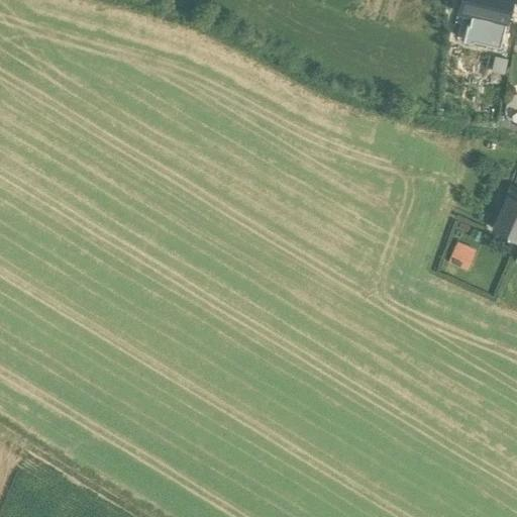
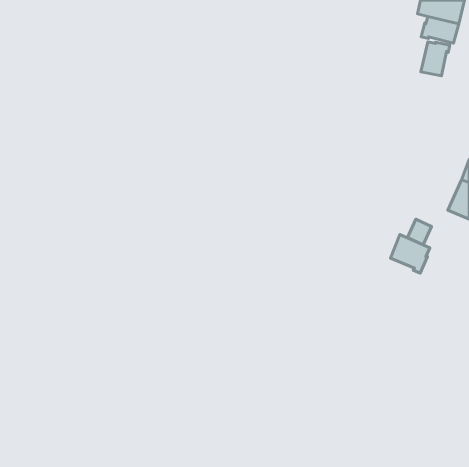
building: none -> [421,42,450,76]
building: none -> [390,235,430,273]

